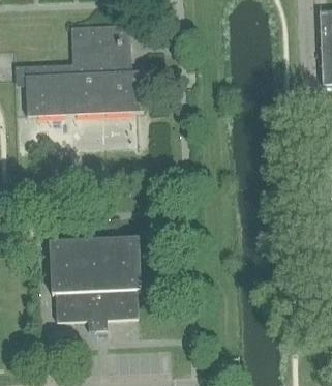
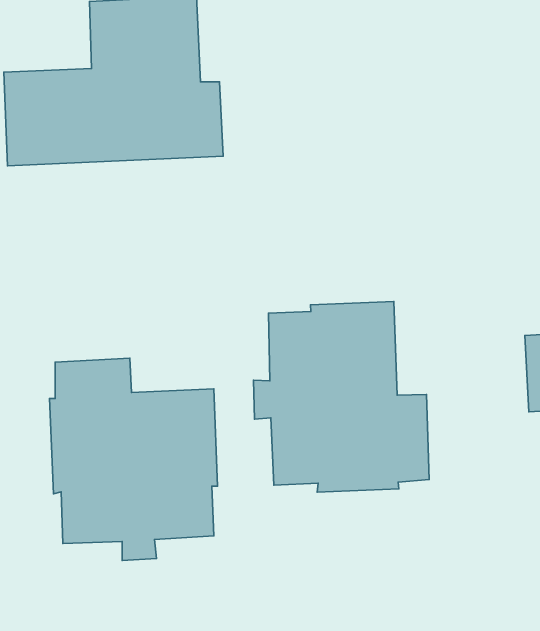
building: none -> [253,301,429,492]

